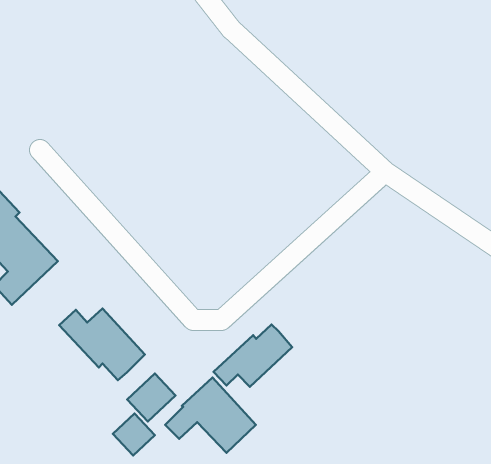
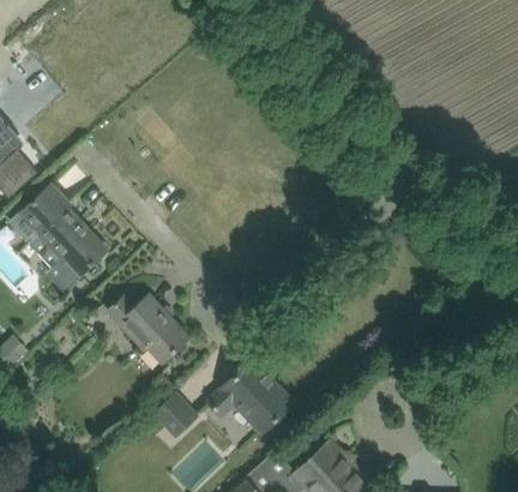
building: [213,324,292,387] -> none
building: [127,374,175,421] -> none

